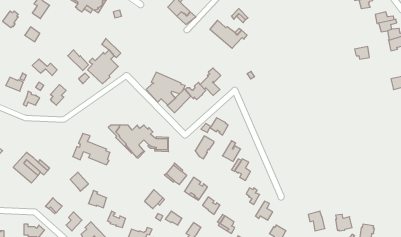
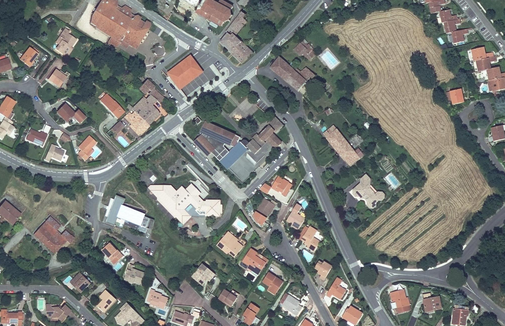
building: none -> [168,56,201,88]
building: none -> [323,125,364,164]
building: none -> [352,174,383,208]

